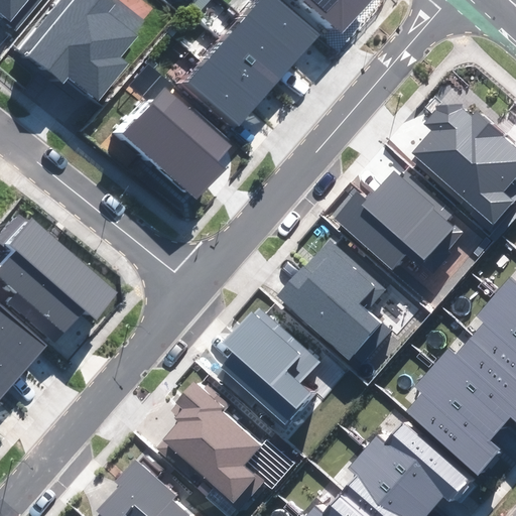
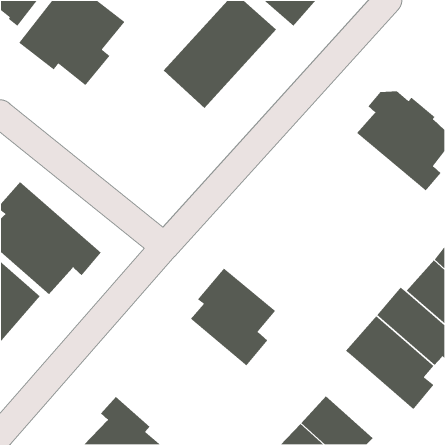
building: [122,87,237,200] -> none
building: [333,172,466,269] -> none
building: [278,241,388,368] -> none
building: [160,383,263,507] -> none
building: [377,420,476,507] -> none

